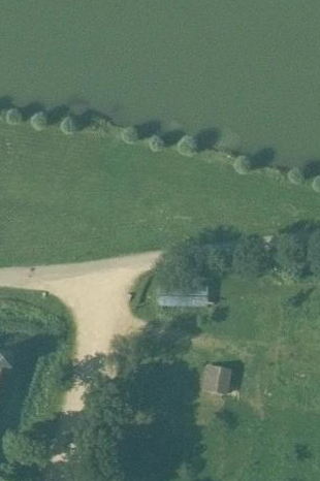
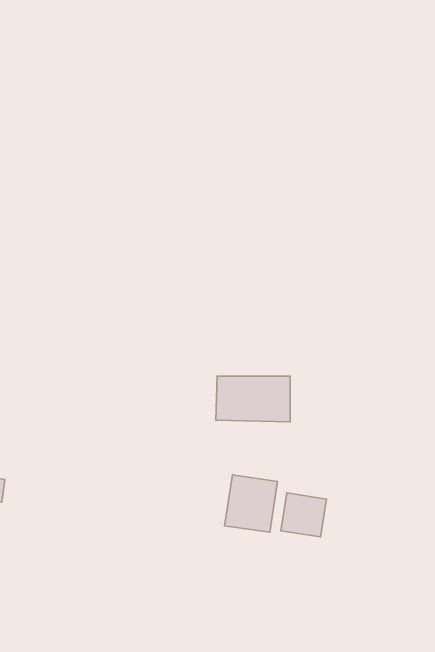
building: none -> [225,475,277,532]

